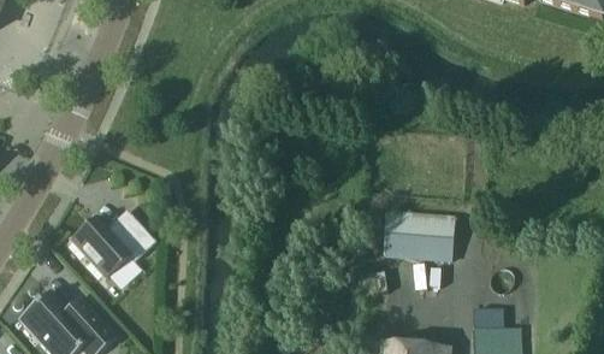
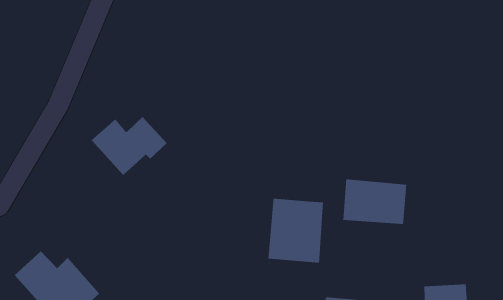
building: [67,205,153,271] -> [91,116,167,176]
building: none -> [268,198,324,263]

